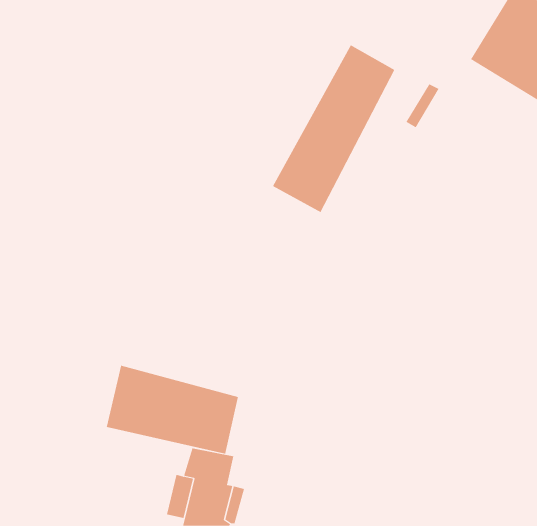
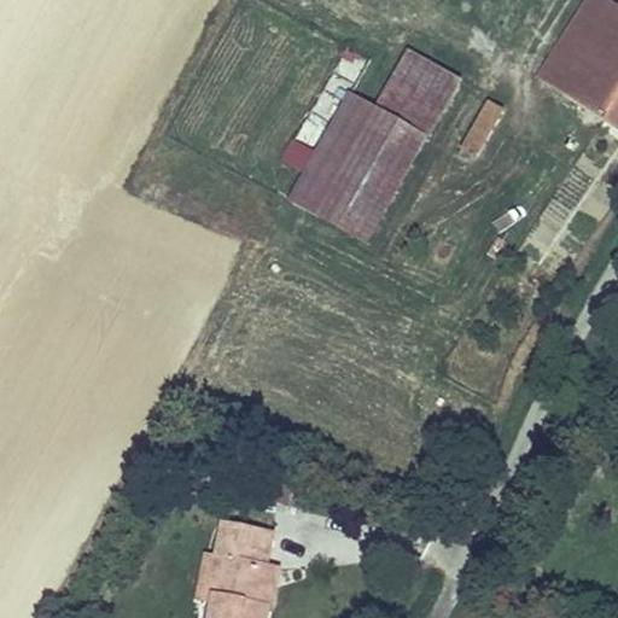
building: none -> [290,122,358,212]
building: [106,365,239,454] -> none

